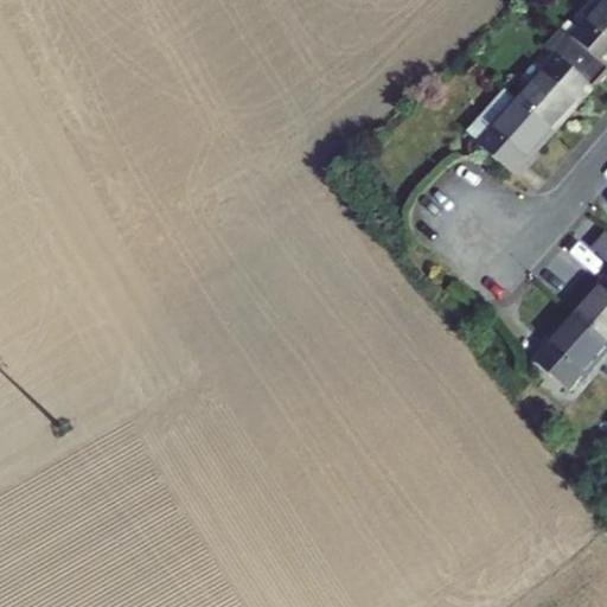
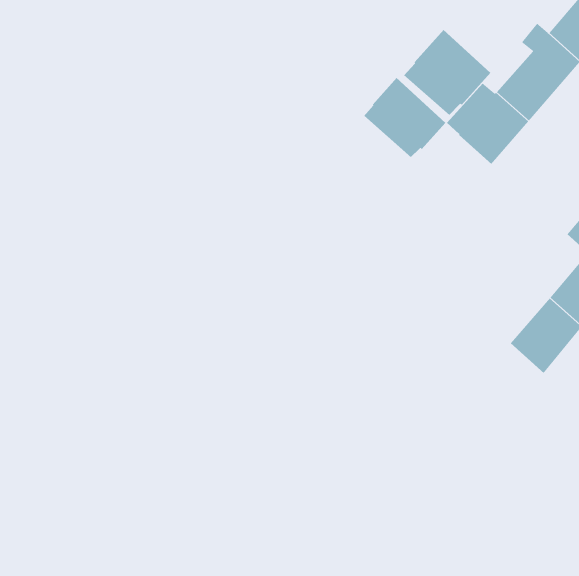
building: none -> [403,29,491,116]
building: none -> [363,77,446,158]

